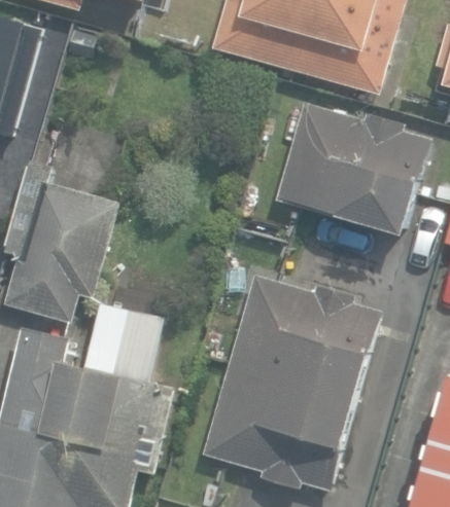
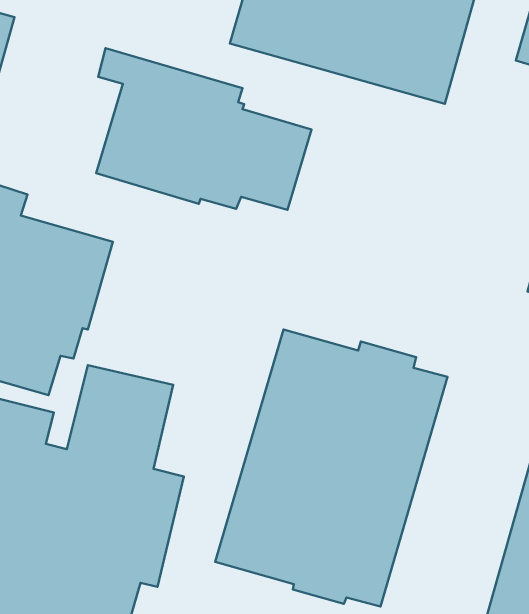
building: none -> [96,48,312,210]
building: [274,101,432,238] -> none

